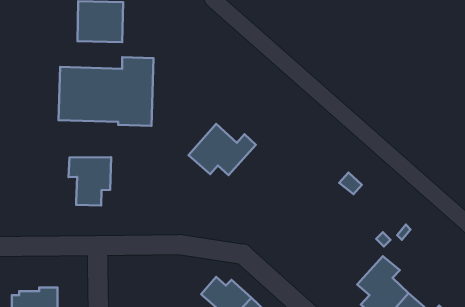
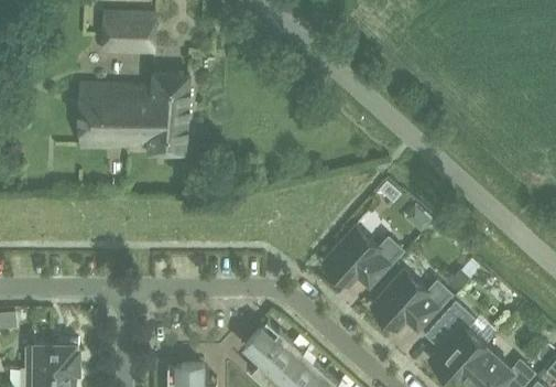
building: [188,124,256,175] -> [323,225,401,284]
building: [68,157,111,206] -> none
building: none -> [371,269,449,327]

